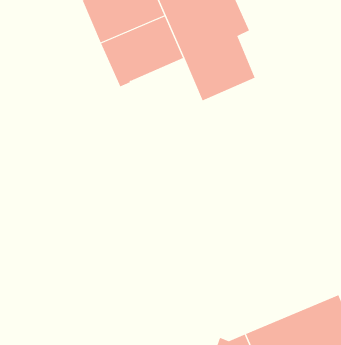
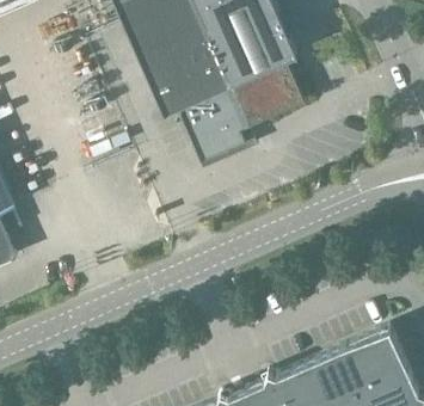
building: none -> [174,85,248,165]

